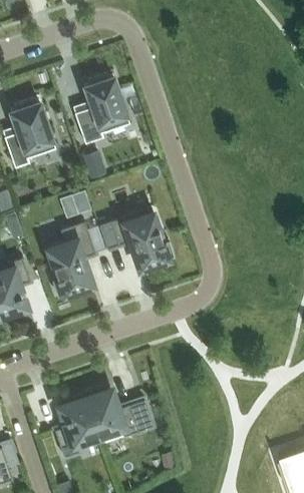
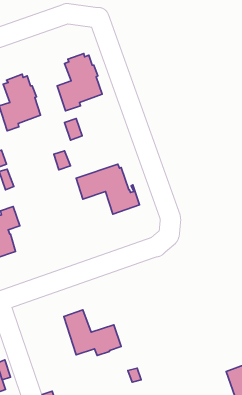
building: [47,221,95,297] -> none
building: [55,391,98,458] -> none

